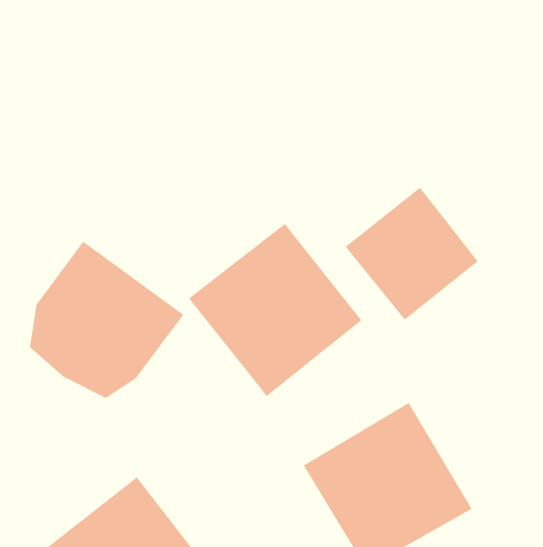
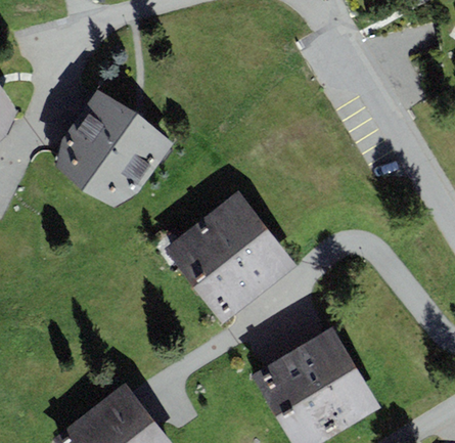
building: [345,187,479,320] -> none
building: [29,241,184,398] -> [57,88,175,208]

